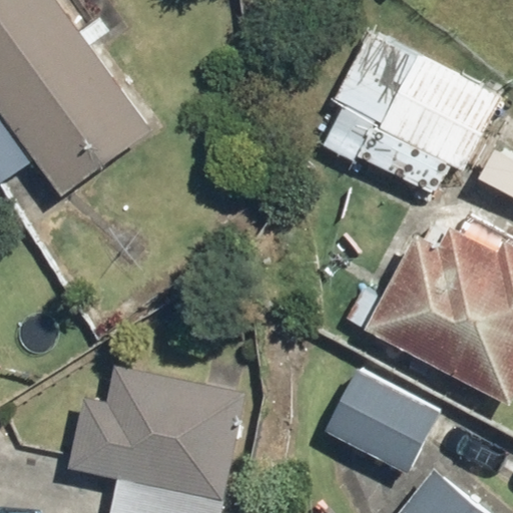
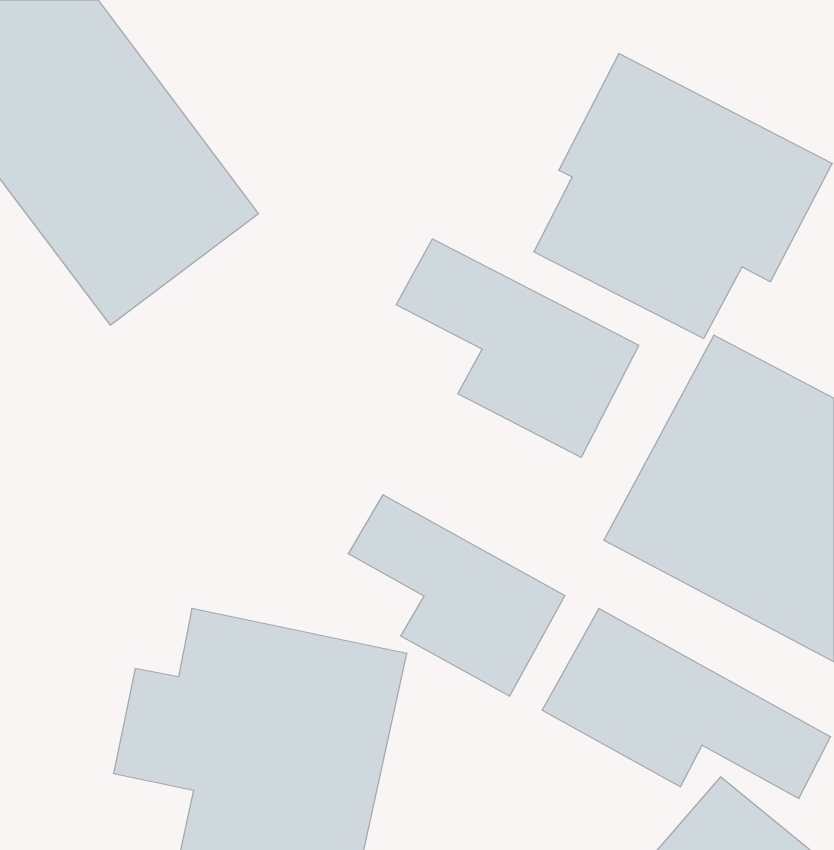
building: none -> [396,239,639,457]
building: none -> [348,495,565,696]

